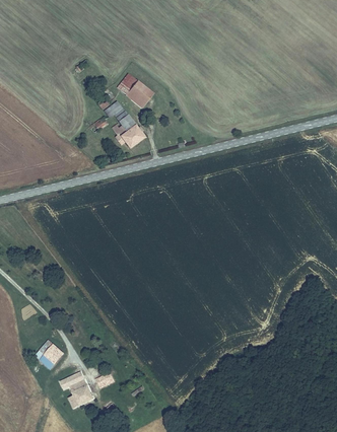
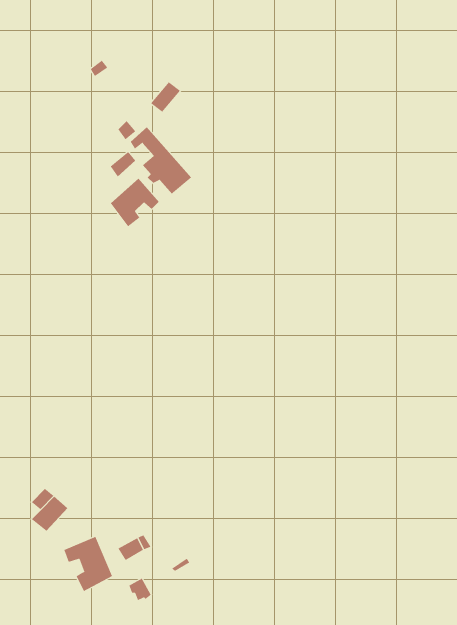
building: [126,79,154,107] -> none
building: none -> [110,178,160,227]

